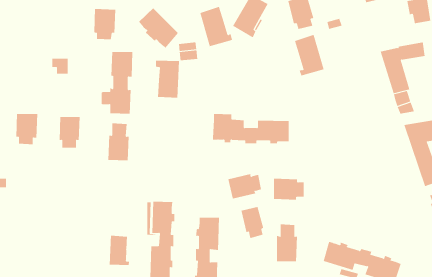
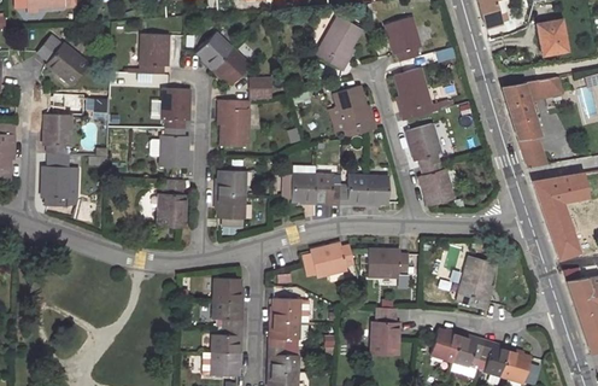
building: [200,6,233,47] -> [334,84,376,136]
building: none -> [36,36,88,84]
building: none -> [406,123,453,205]
building: none -> [215,170,246,218]
building: [59,117,81,148] -> [43,115,71,154]
building: none -> [457,256,494,309]
building: [241,206,264,239] -> none
building: [109,235,130,266] -> none

